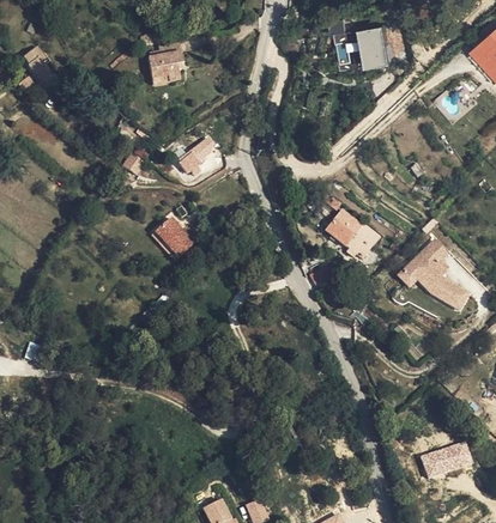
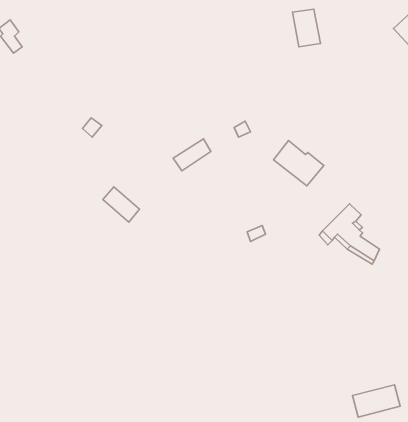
building: [150,38,186,78] -> none
building: [182,138,224,174] -> [173,139,211,171]
building: [325,209,381,260] -> [273,141,324,186]

